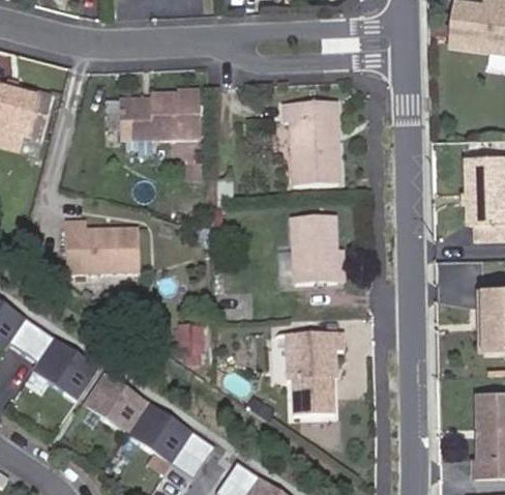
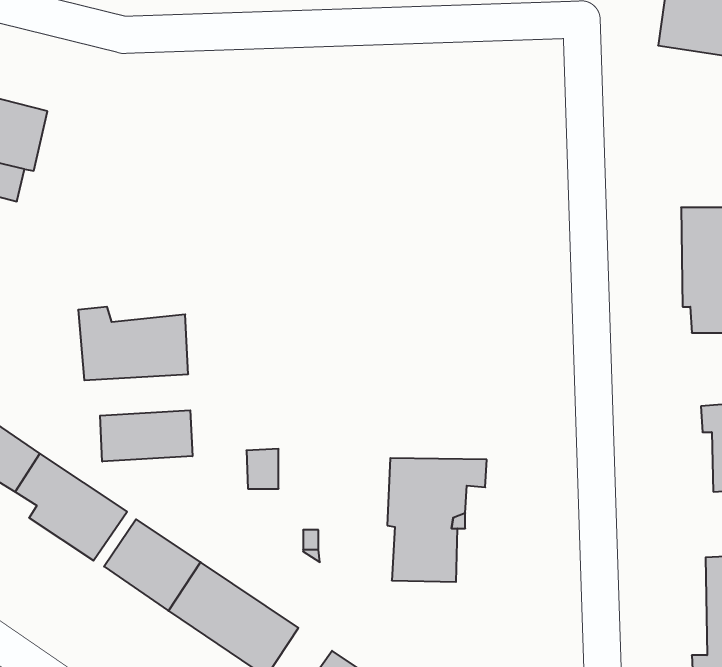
building: [103,90,197,140] -> none
building: [288,104,339,184] -> none
building: [291,215,335,282] -> none
building: none -> [100,410,192,462]

